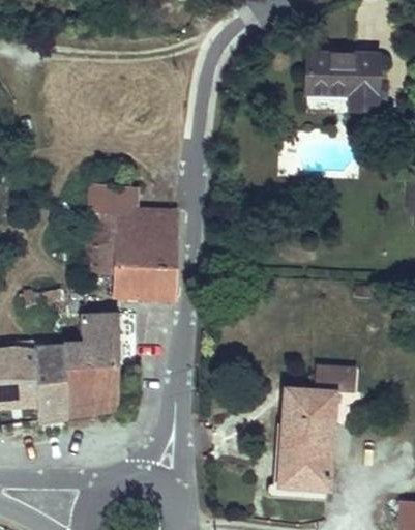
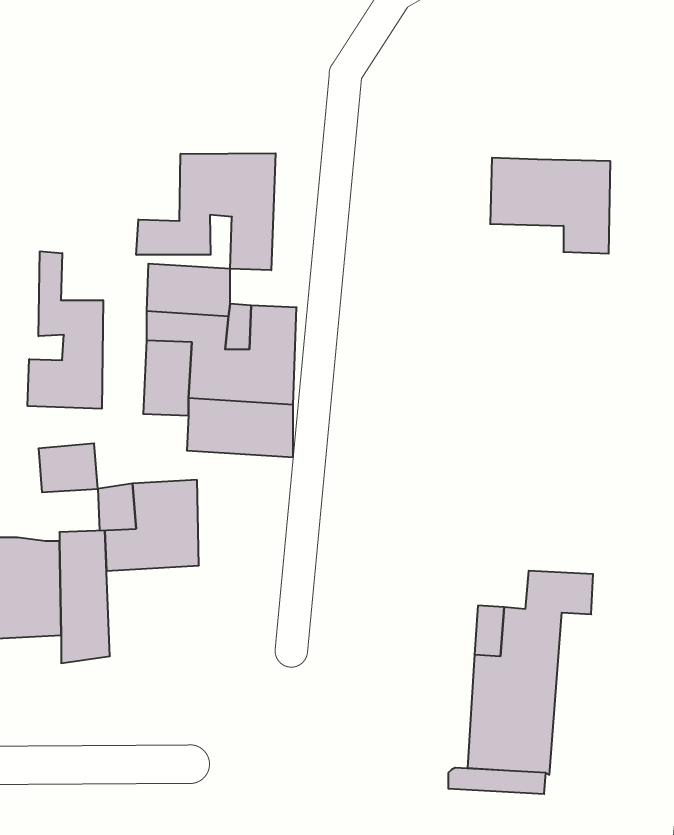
building: [306,52,378,109] -> [490,158,610,254]
building: none -> [136,153,276,270]
building: none -> [28,251,103,409]
building: [65,362,120,416] -> none

